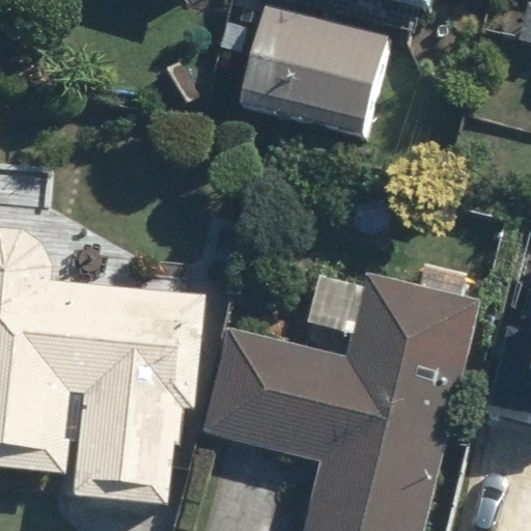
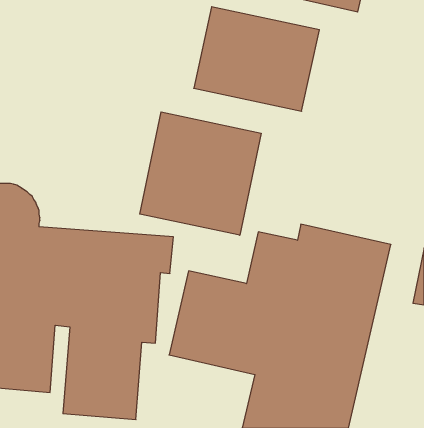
building: none -> [140,112,261,235]

